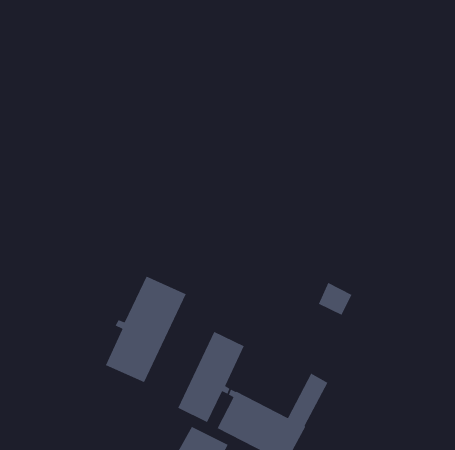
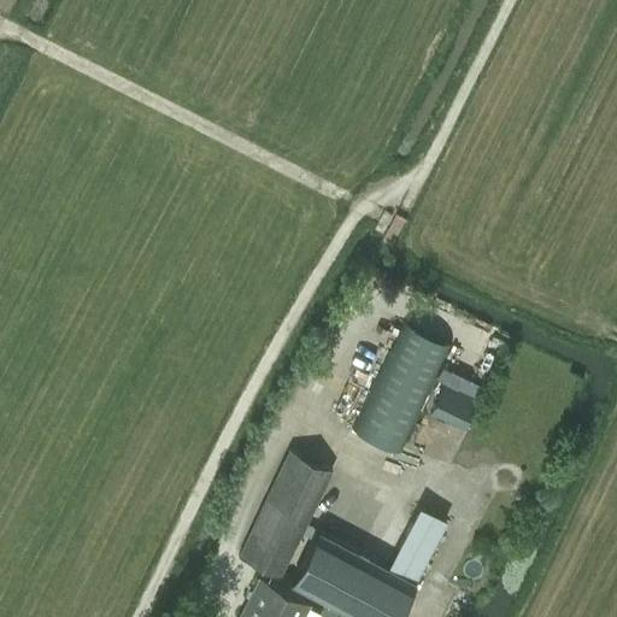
building: none -> [351,327,449,458]
building: [105,275,187,383] -> none

